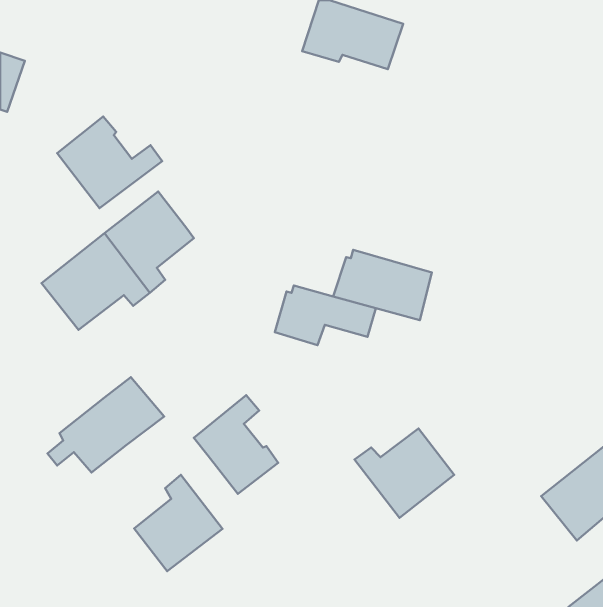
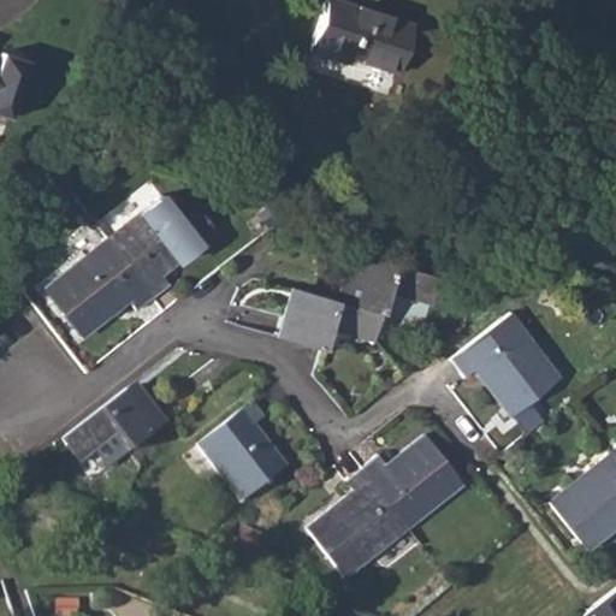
building: [57,117,162,208] -> none
building: none -> [452,312,574,448]
building: none -> [310,466,409,573]
building: [134,475,222,571] -> none

